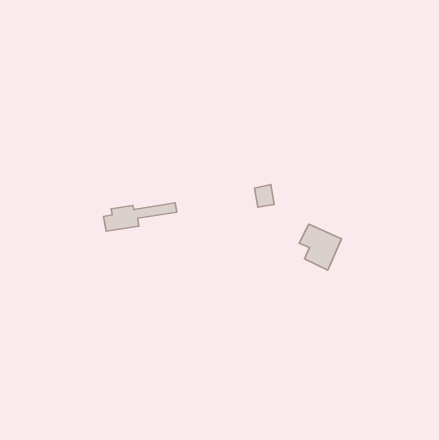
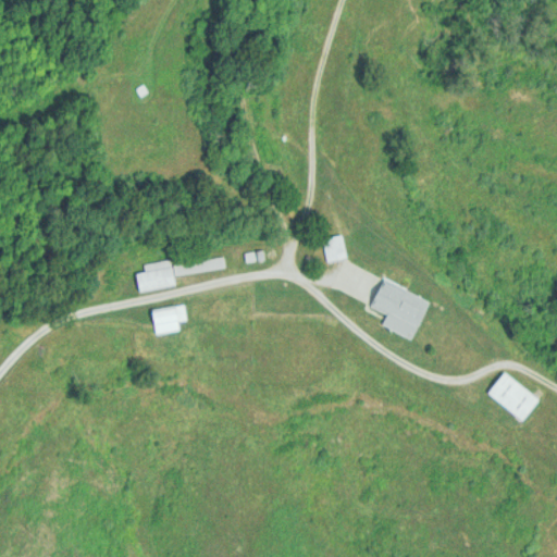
building: none -> [150,305,183,334]
building: none -> [487,371,539,423]

